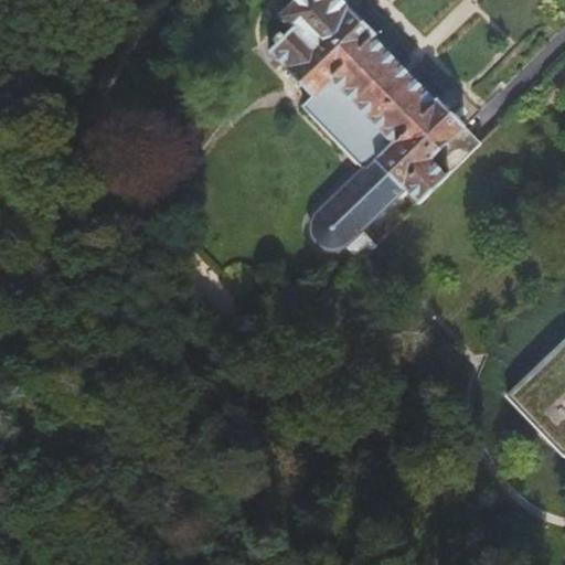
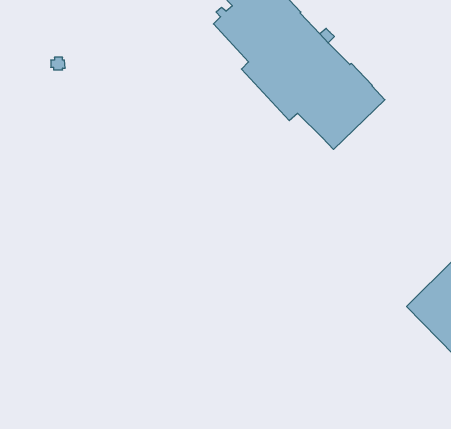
building: [311,159,404,262] -> none

